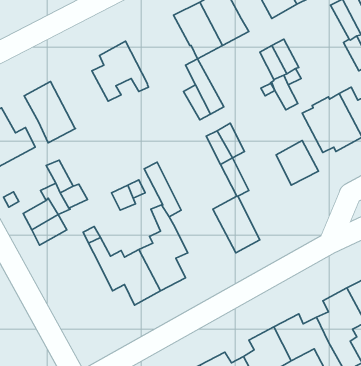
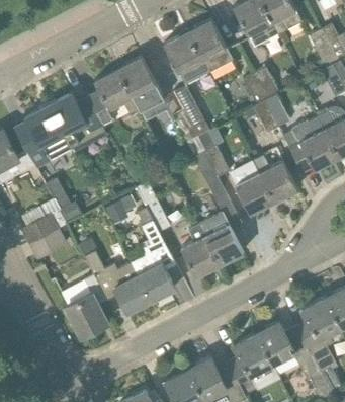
building: none -> [118,57,163,111]
building: none -> [49,94,102,149]
building: none -> [229,161,272,215]
building: none -> [181,225,221,277]
building: none -> [66,274,107,337]

